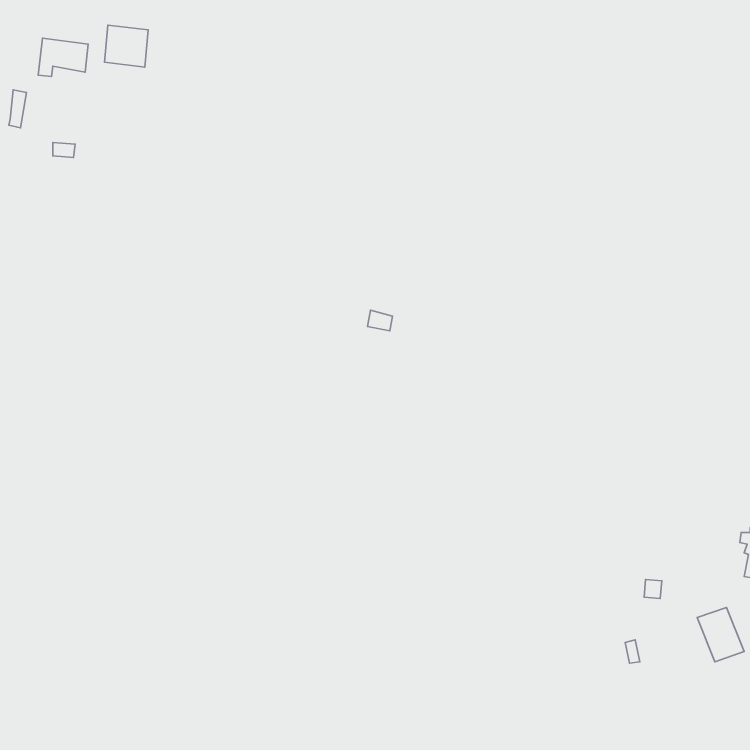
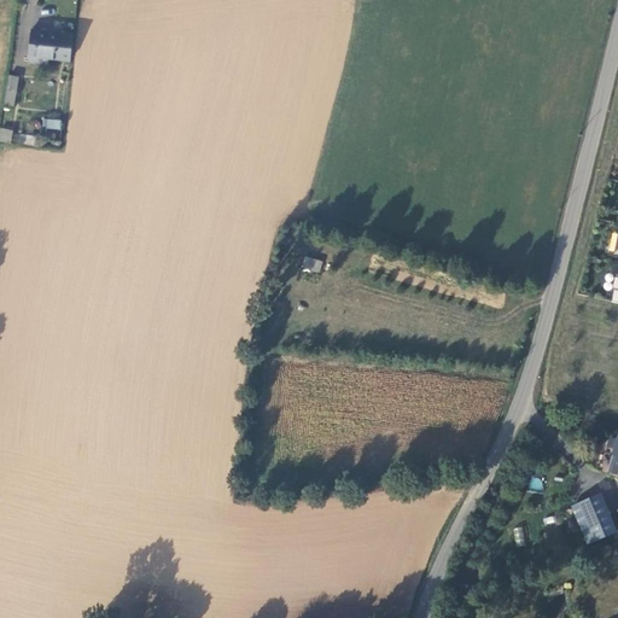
building: [105,25,148,67] -> none

